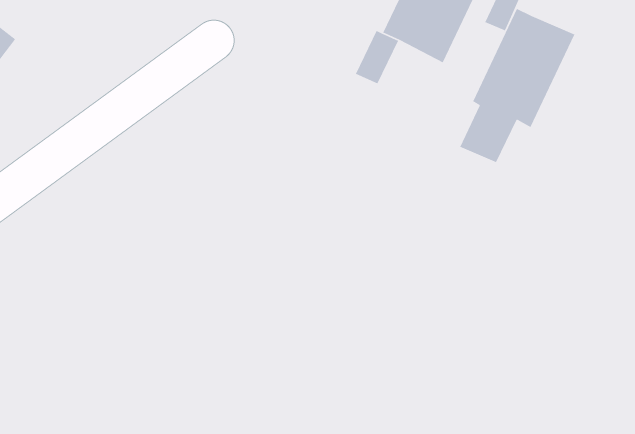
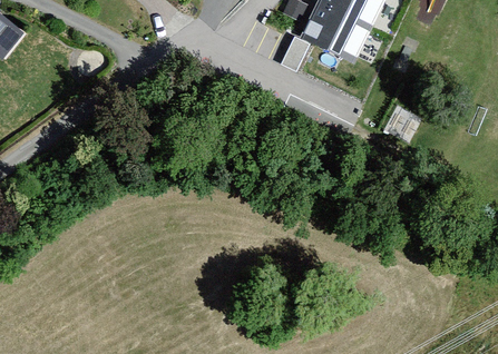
building: [459,8,575,163] -> none

